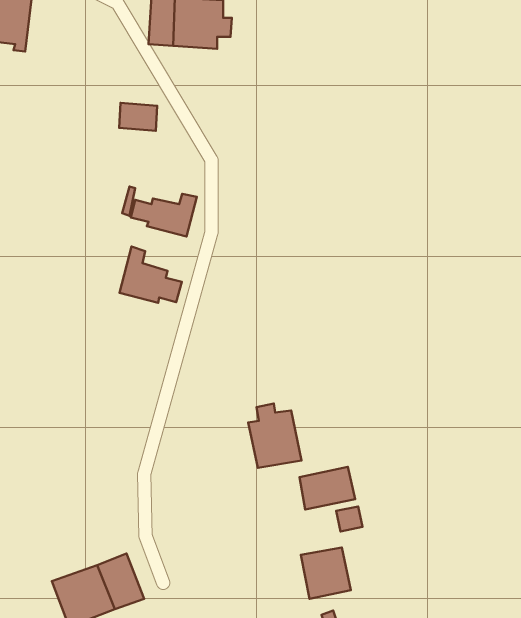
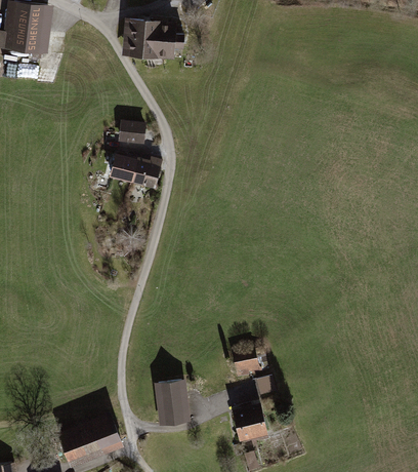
building: [119,103,157,131] -> [119,123,145,143]
building: [119,246,182,303] -> none
building: [248,403,301,468] -> none
building: none -> [156,381,187,424]

